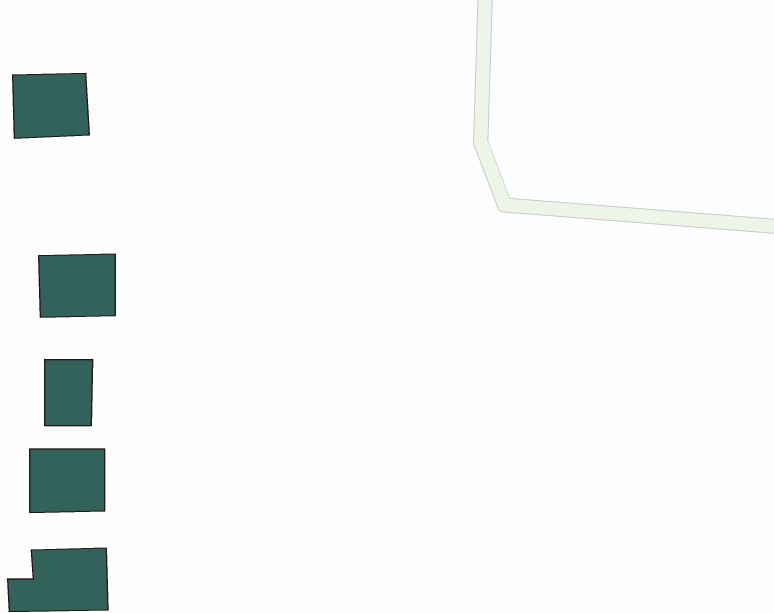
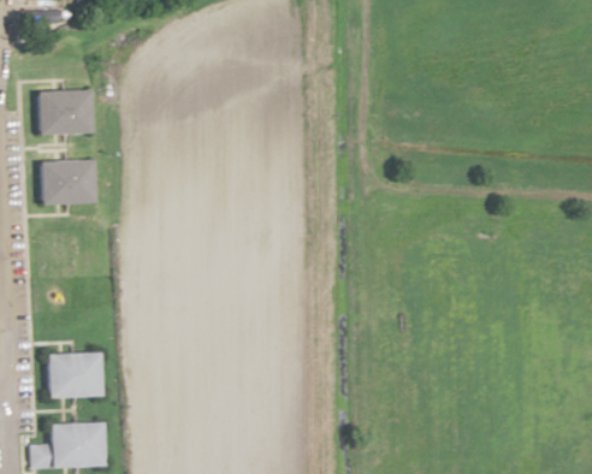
building: [39,254,115,317] -> [40,160,94,205]
building: [45,359,93,426] -> none

